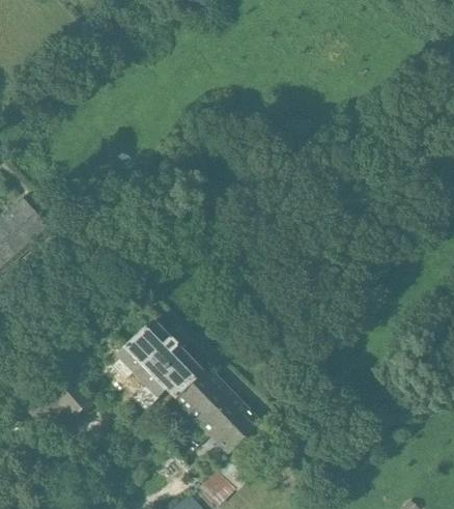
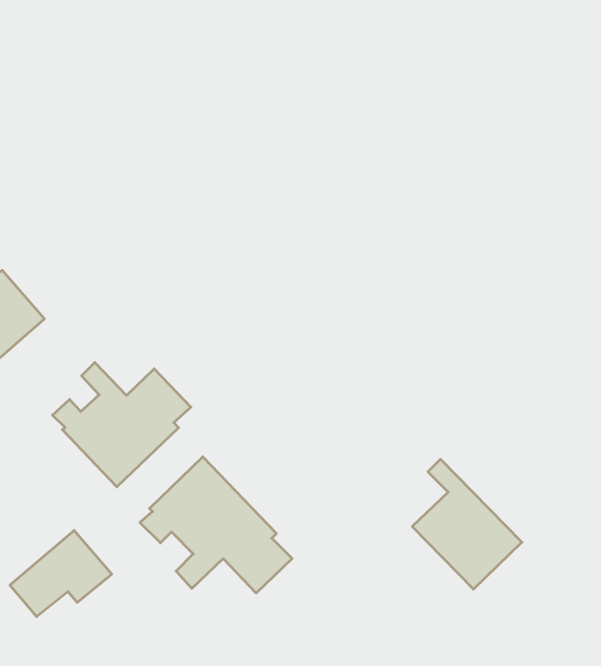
building: none -> [52,362,191,487]
building: [190,368,262,454] -> [412,459,522,589]

